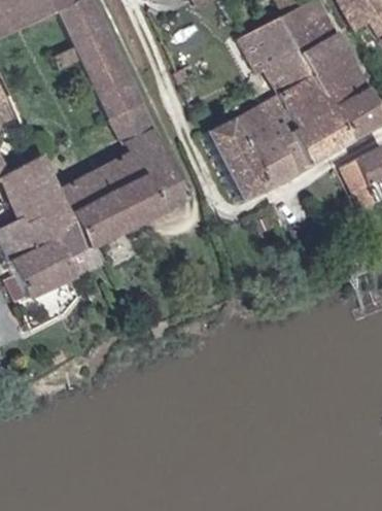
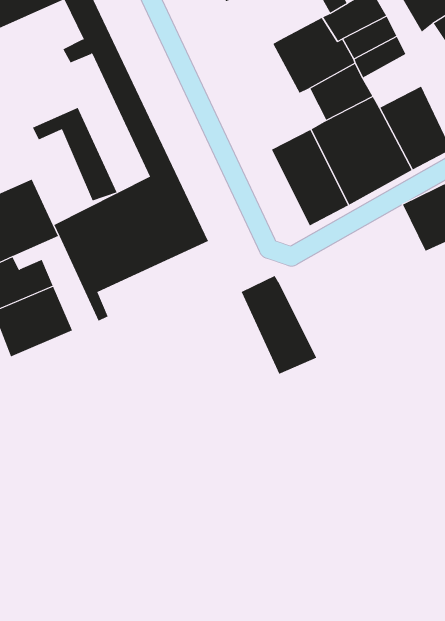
building: [310,48,357,92] -> none
building: [205,121,267,201] -> [241,275,317,375]
building: [27,196,96,272] -> [32,107,118,201]

